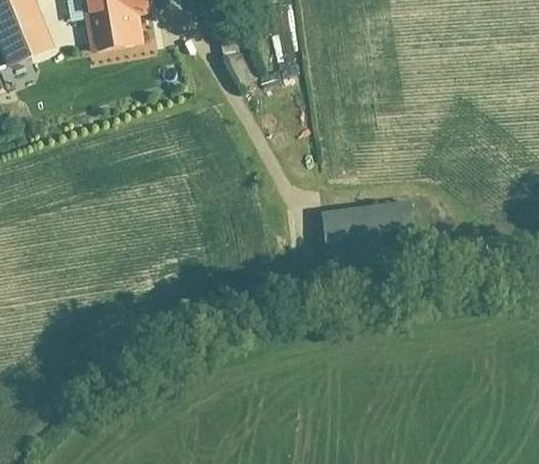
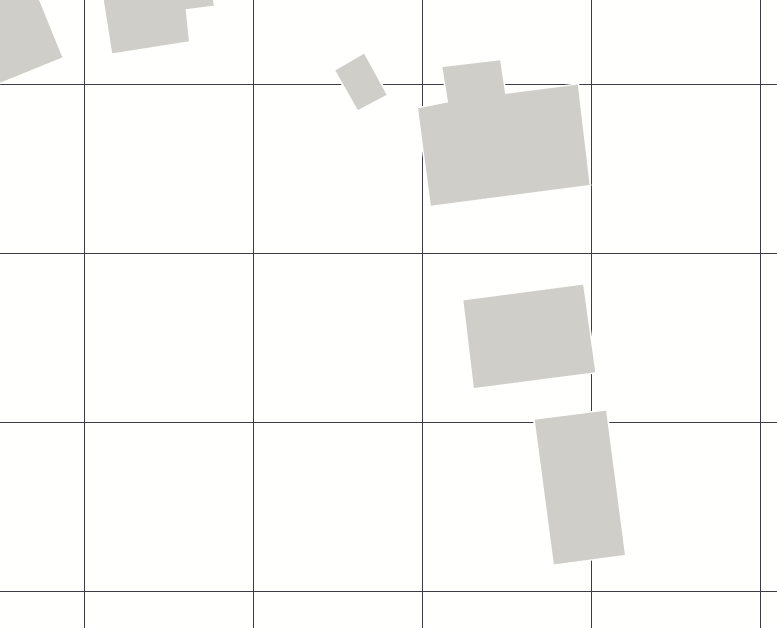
building: none -> [417,60,590,207]
building: none -> [534,410,626,565]

